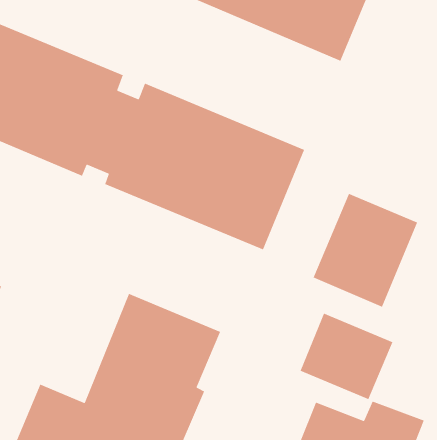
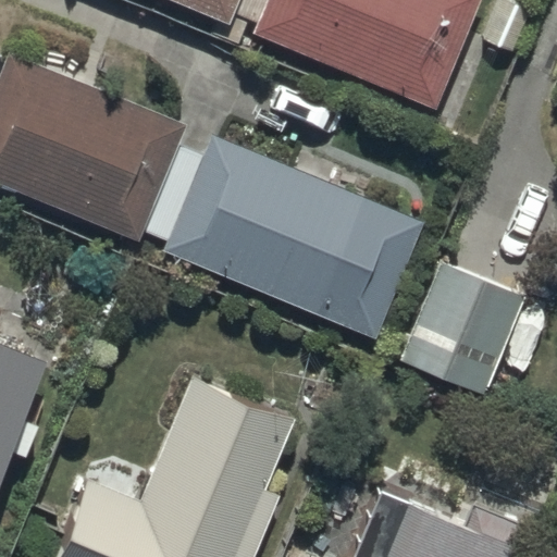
building: [300,312,393,400] -> none

